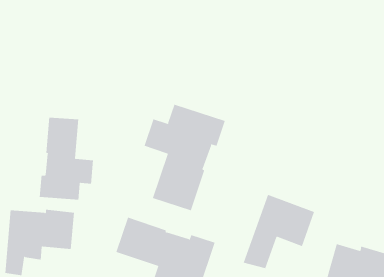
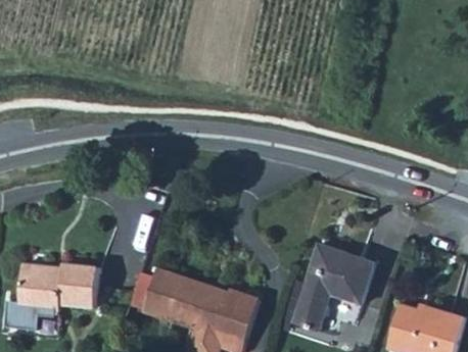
building: [144,104,226,211] -> none
building: [39,117,93,201] -> none

